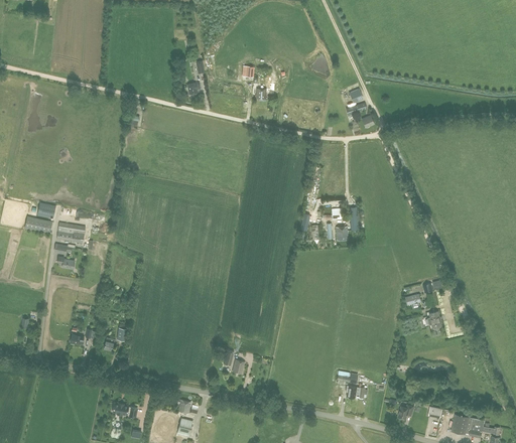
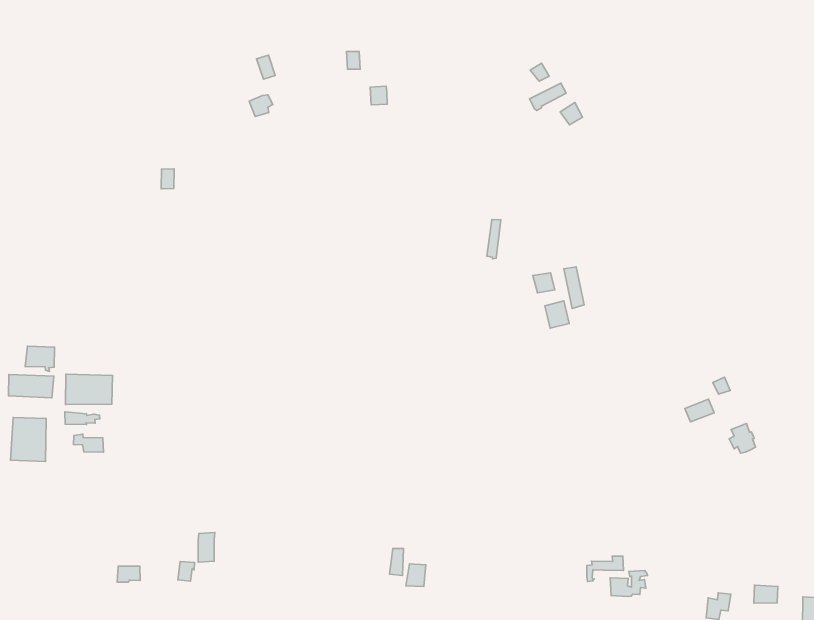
building: none -> [10,417,46,461]

